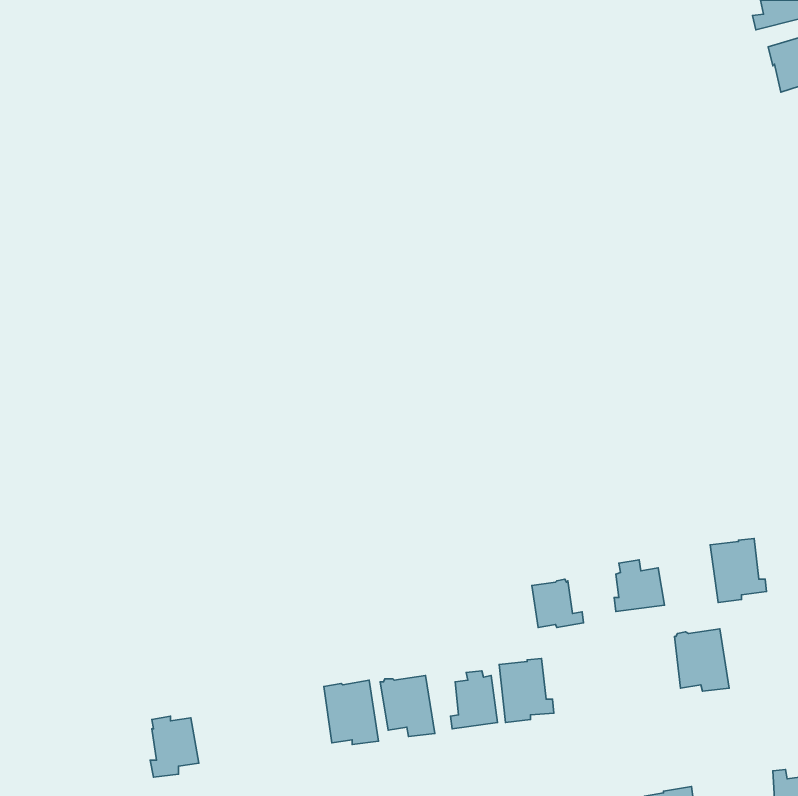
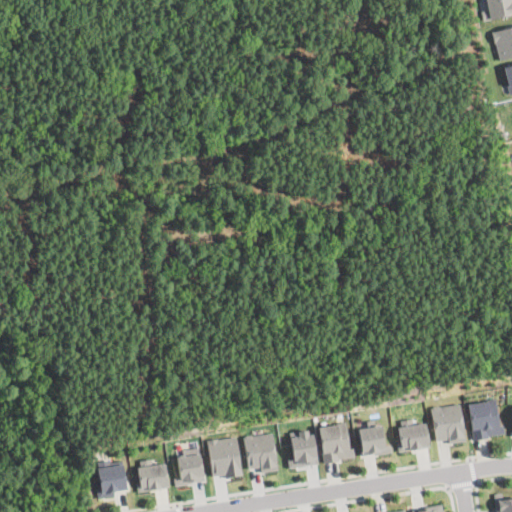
building: [710,538,767,603] -> [469,400,505,441]
building: [614,560,664,612] -> [398,419,430,452]
building: [532,579,584,628] -> [359,425,392,456]
building: none -> [175,454,205,487]
building: none -> [137,459,169,492]

